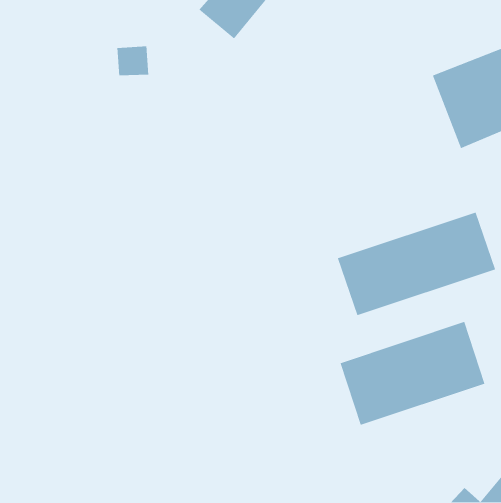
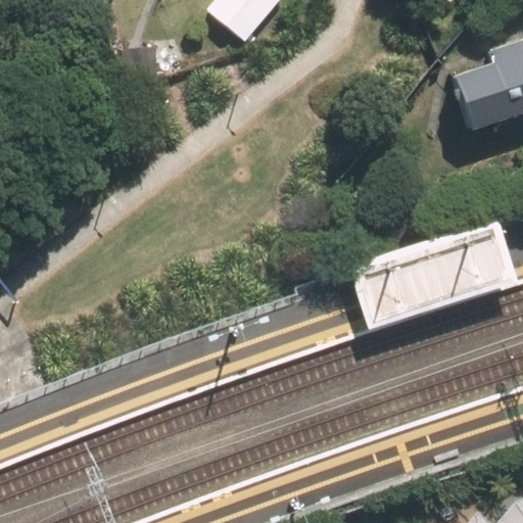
building: [339,321,486,426] -> none

